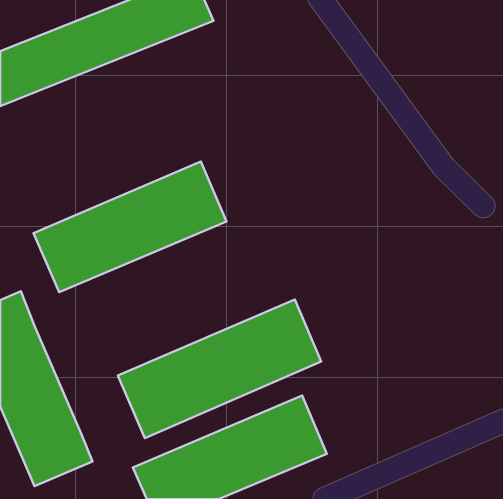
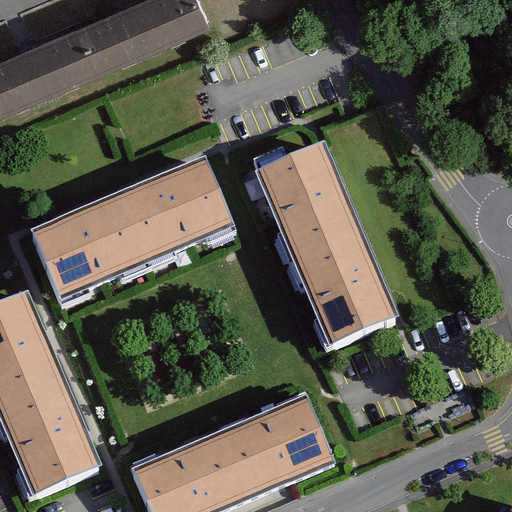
building: none -> [258,149,393,346]
building: [118,299,321,438] -> none

